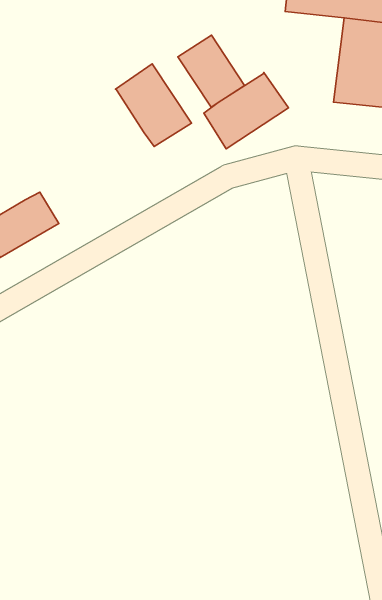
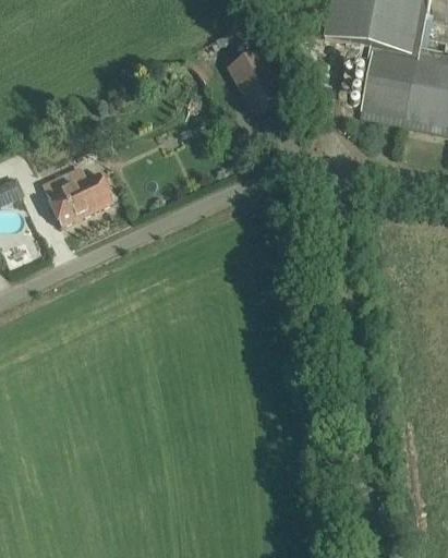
building: [115,64,192,147] -> none
building: [204,73,288,149] -> none

